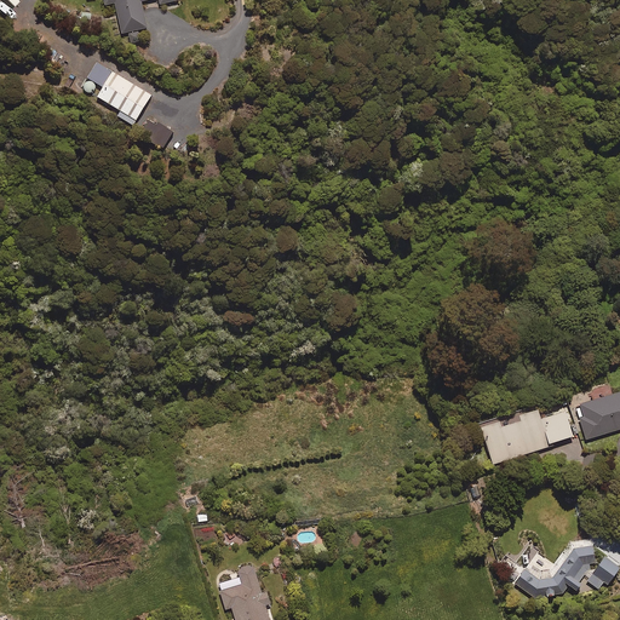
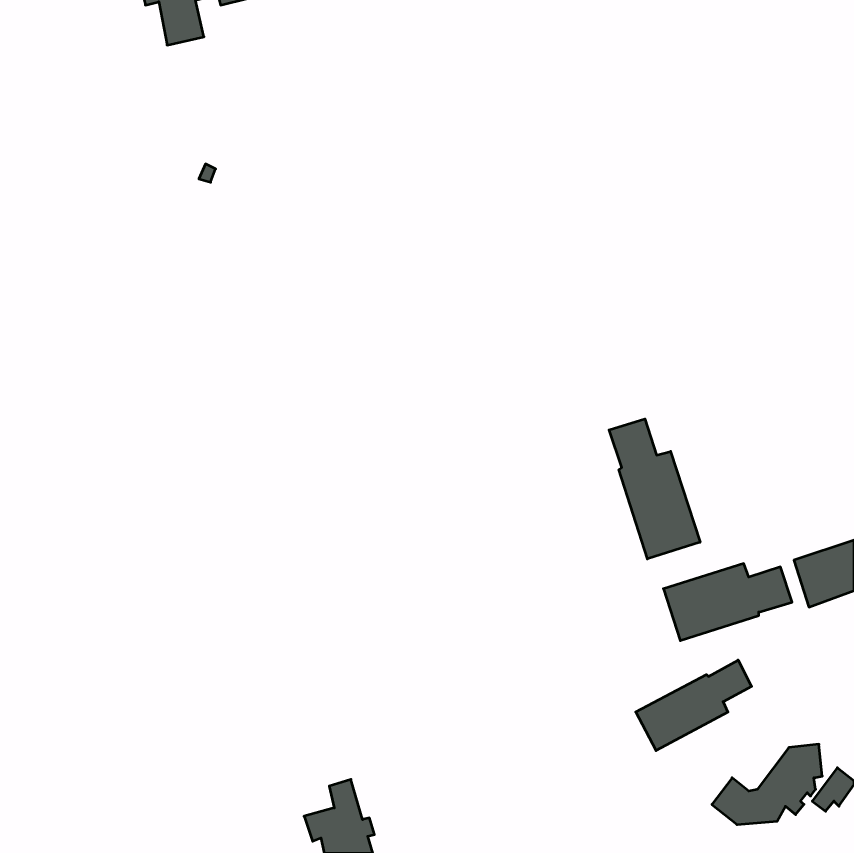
building: [88,62,151,124] -> none
building: none -> [609,419,700,559]
building: none -> [636,660,752,751]

